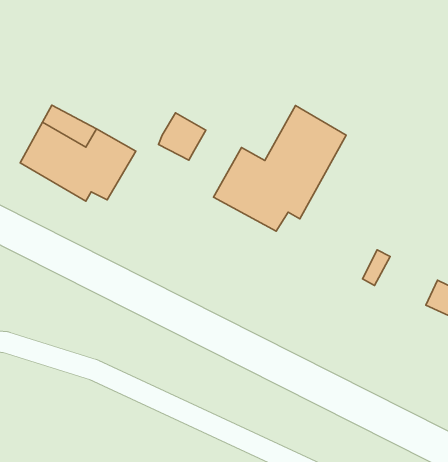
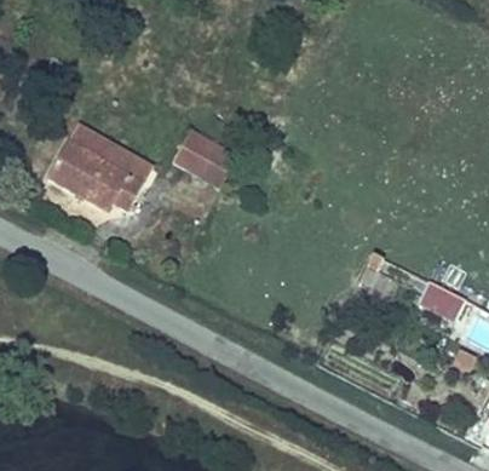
building: [213,106,346,231] -> none

